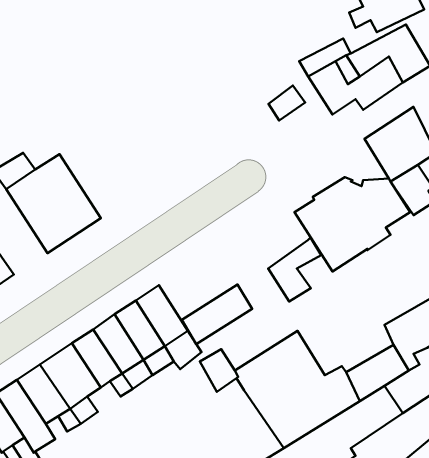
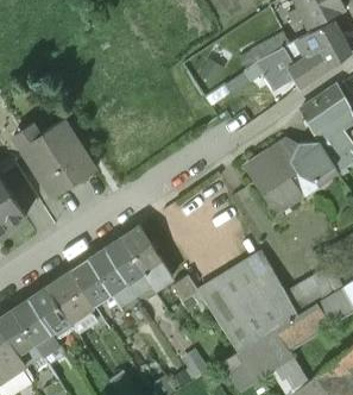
building: [268,237,321,301] -> none
building: [182,285,252,344] -> none

